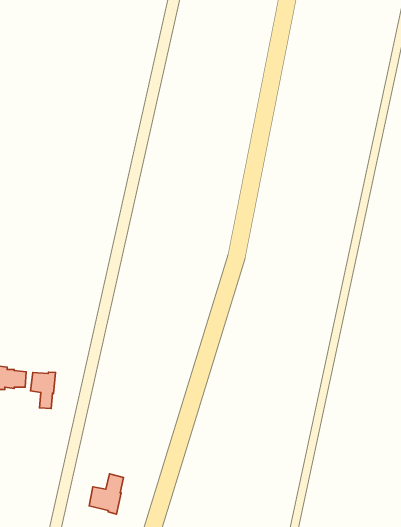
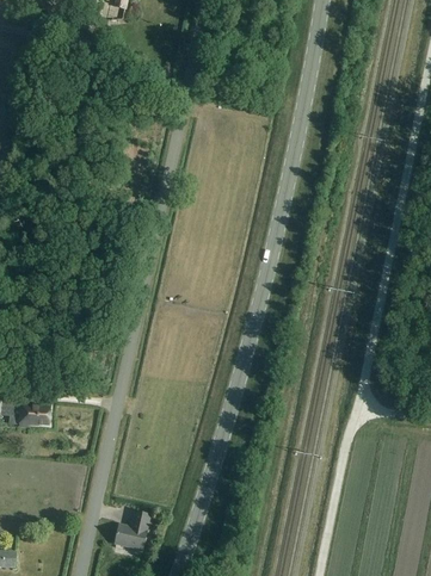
building: [30,372,56,409] -> none

